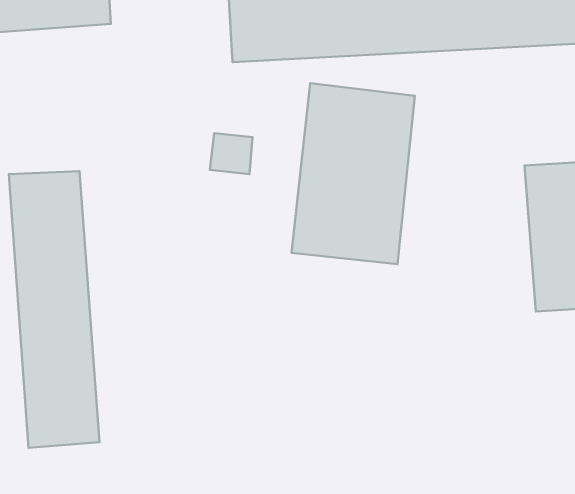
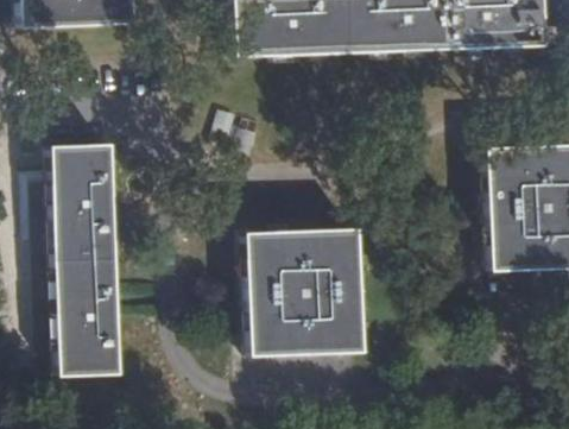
building: [291,83,415,264] -> none
building: none -> [245,227,367,357]

